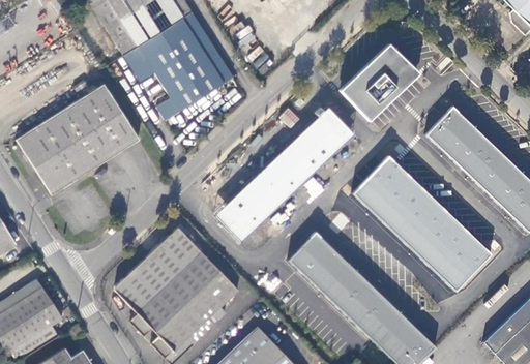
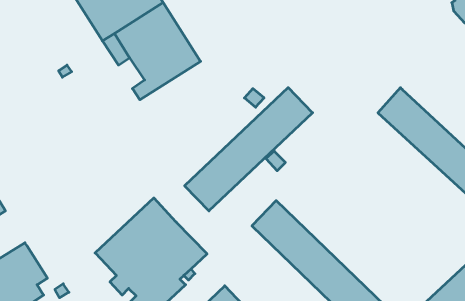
building: [341,46,418,121] -> none
building: [16,84,137,194] -> none
building: [352,156,492,292] -> none

